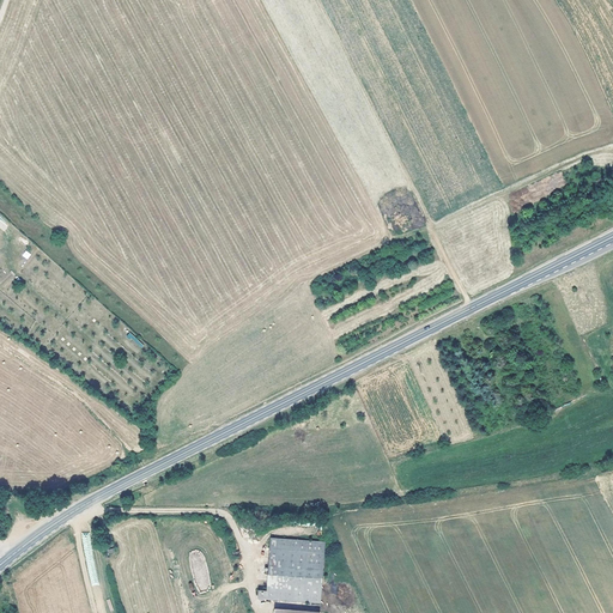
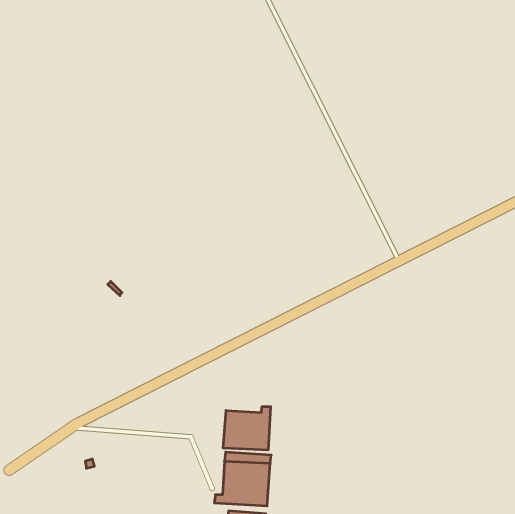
building: none -> [223,407,271,450]

